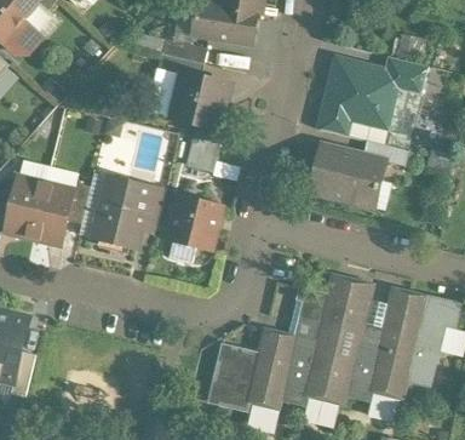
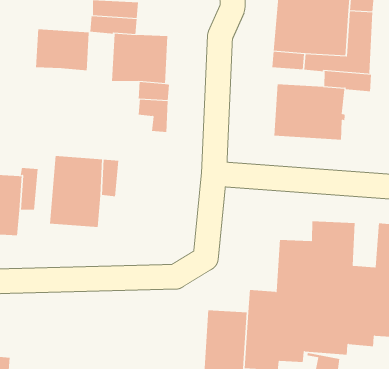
building: none -> [35,28,90,71]
building: [167,194,222,251] -> none

